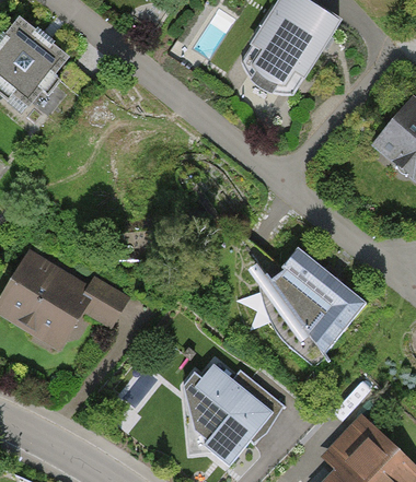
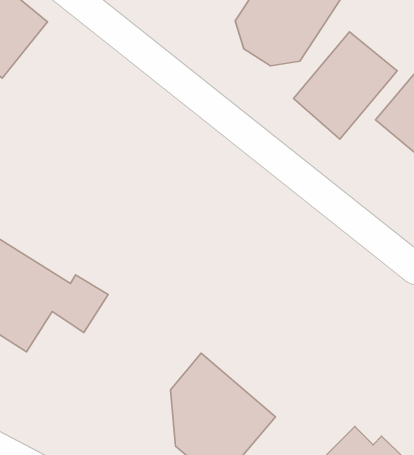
building: none -> [294,32,397,139]
building: [256,242,369,368] -> none

